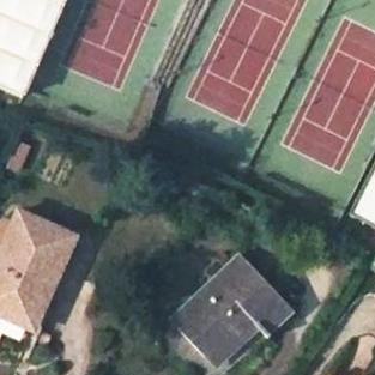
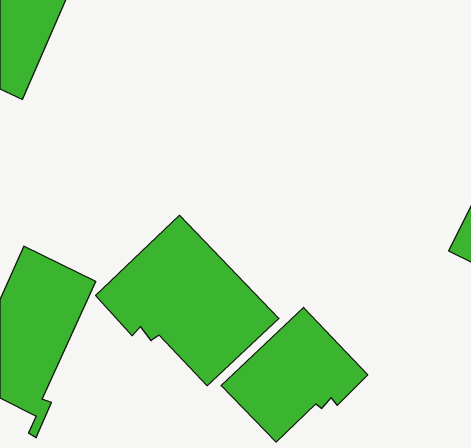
building: none -> [96,215,279,386]

